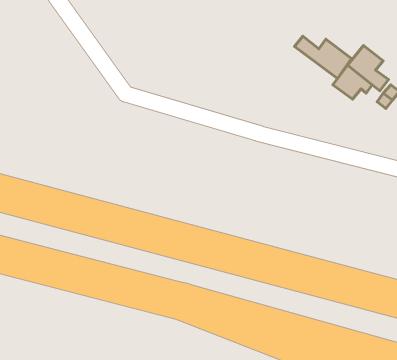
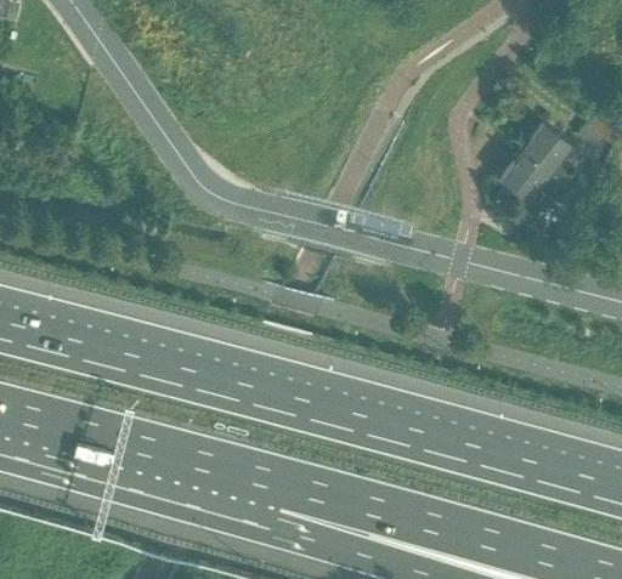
building: [295,36,351,78] -> none

